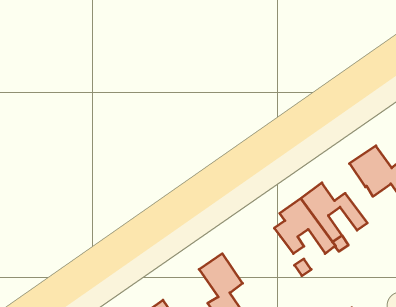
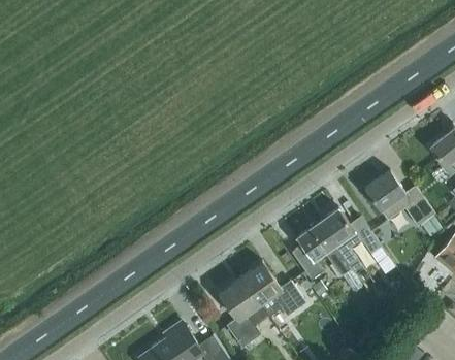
building: none -> [240,262,306,317]

